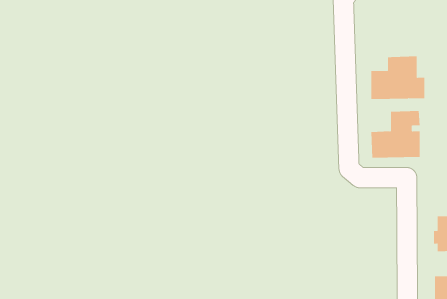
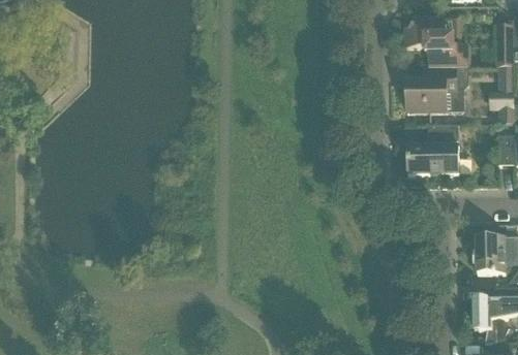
building: none -> [406,15,469,66]

